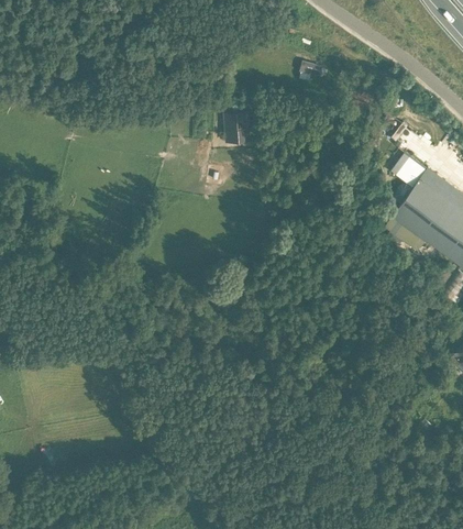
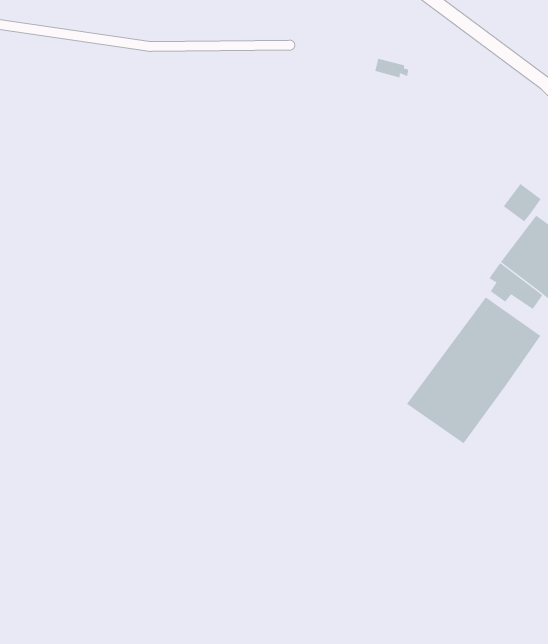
building: [225,111,253,147] -> none
building: none -> [406,297,541,444]

